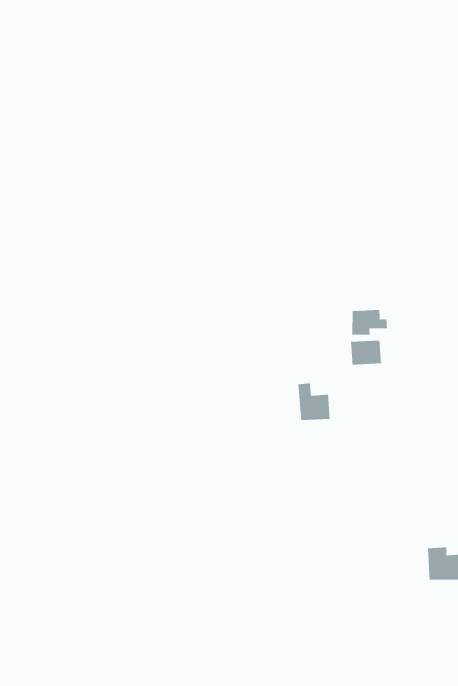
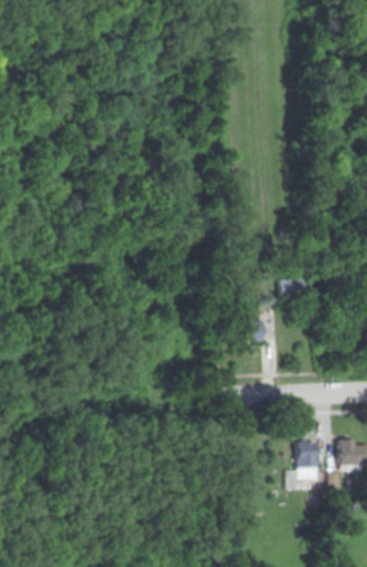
building: [352,309,388,335] -> none
building: none -> [298,442,318,478]

